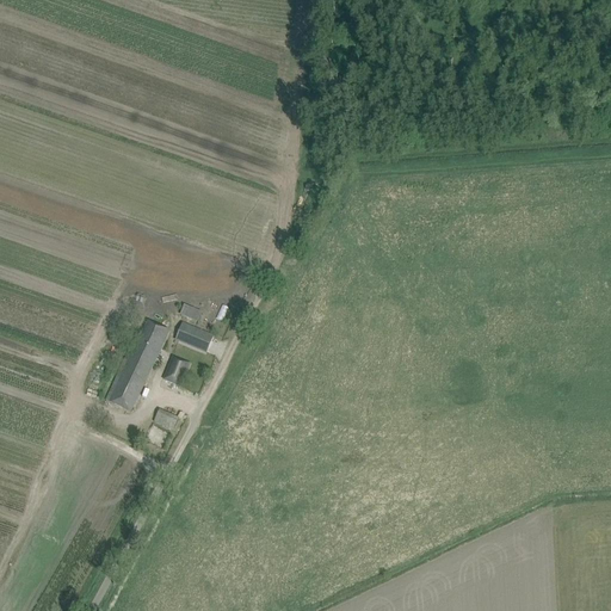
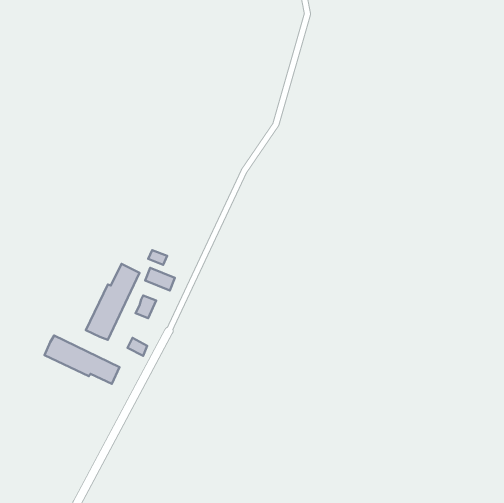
building: none -> [44,336,119,384]

